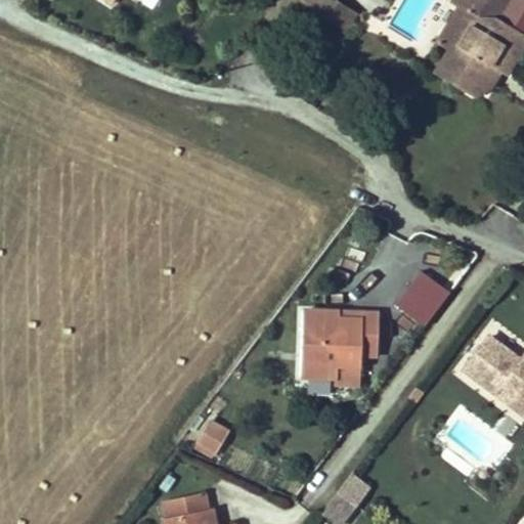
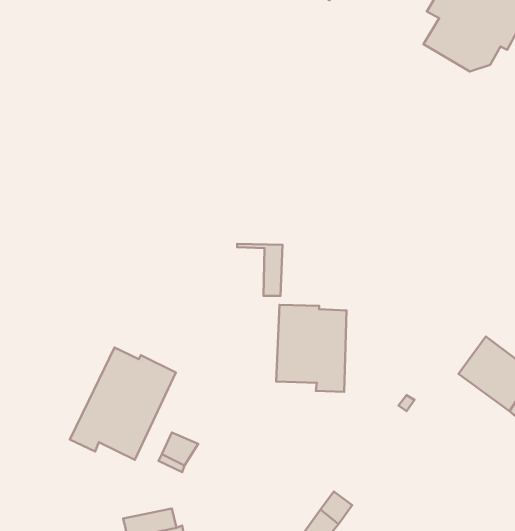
building: [395,270,449,326] -> none
building: [340,308,381,355] -> [237,244,283,296]
building: none -> [70,348,176,460]

